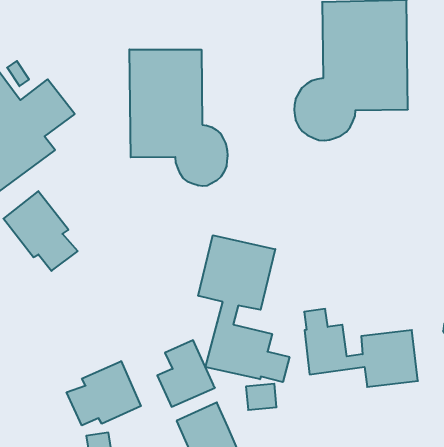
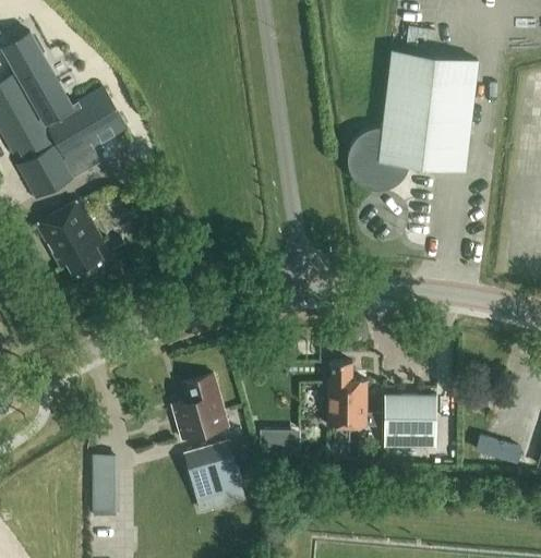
building: [129,49,227,186] -> none
building: [198,235,289,382] -> none
building: [67,361,141,425] -> none

